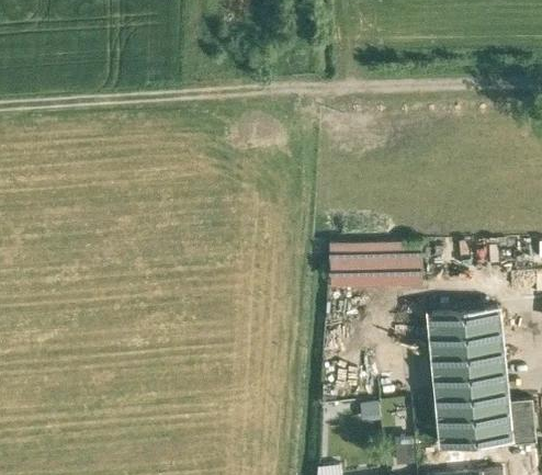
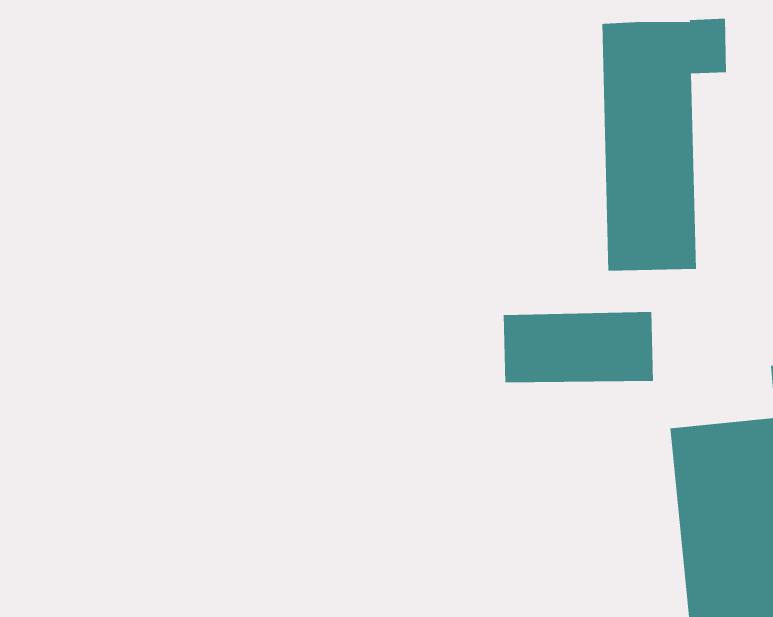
building: none -> [602,18,726,271]

